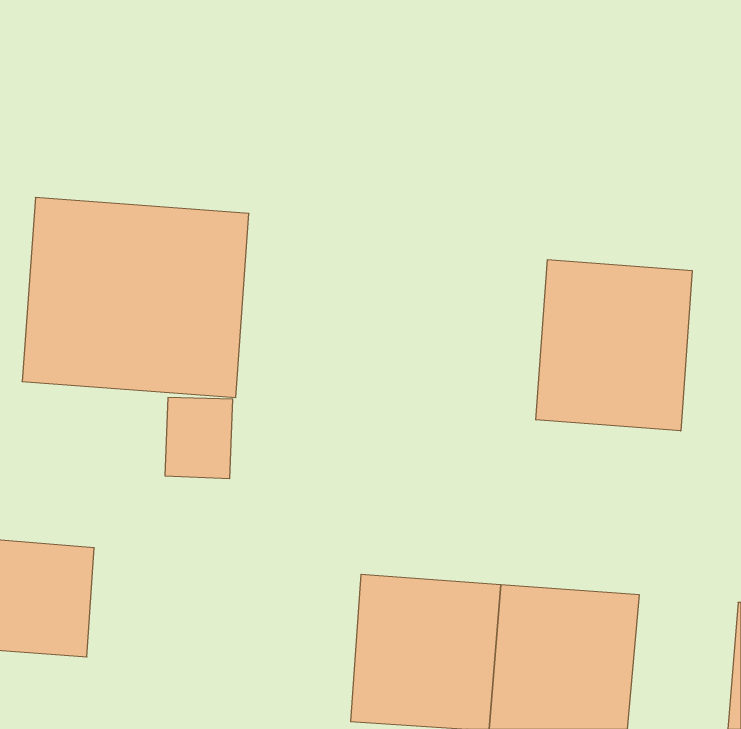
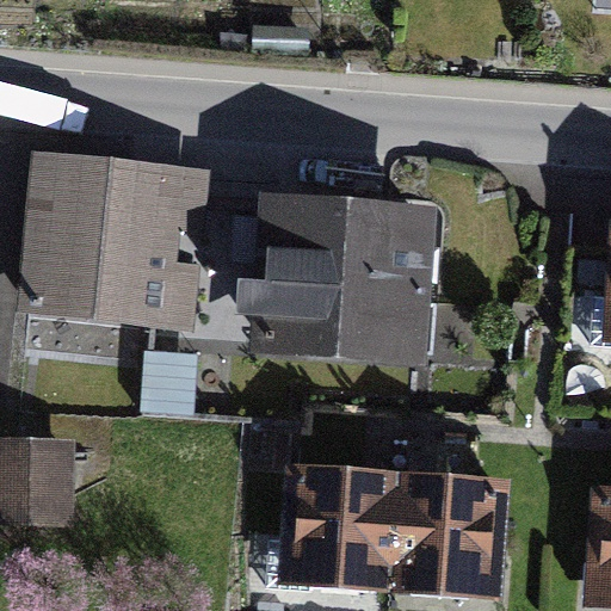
building: none -> [253,197,438,358]
building: [536,260,692,431] -> none

